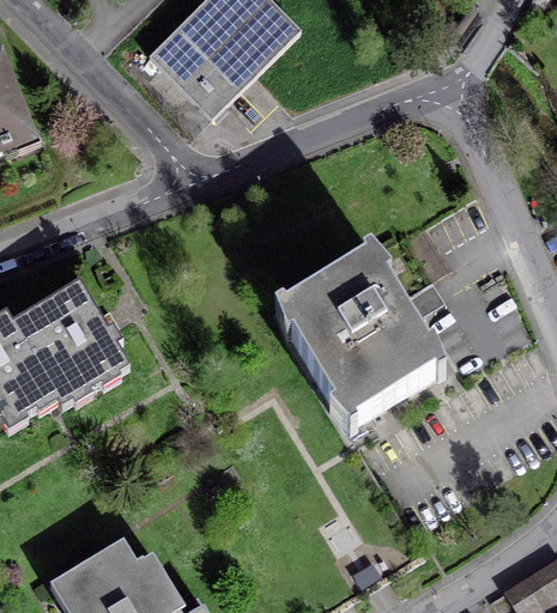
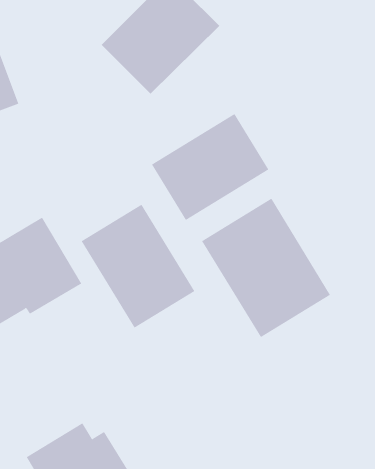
building: none -> [151,113,269,221]
building: none -> [81,204,195,328]

